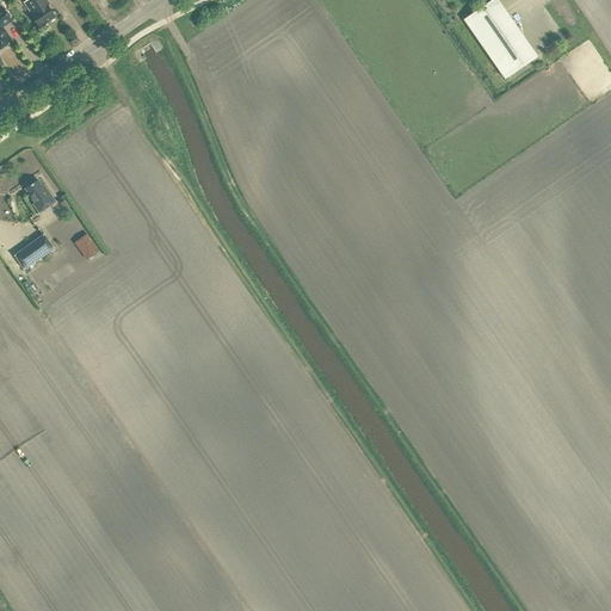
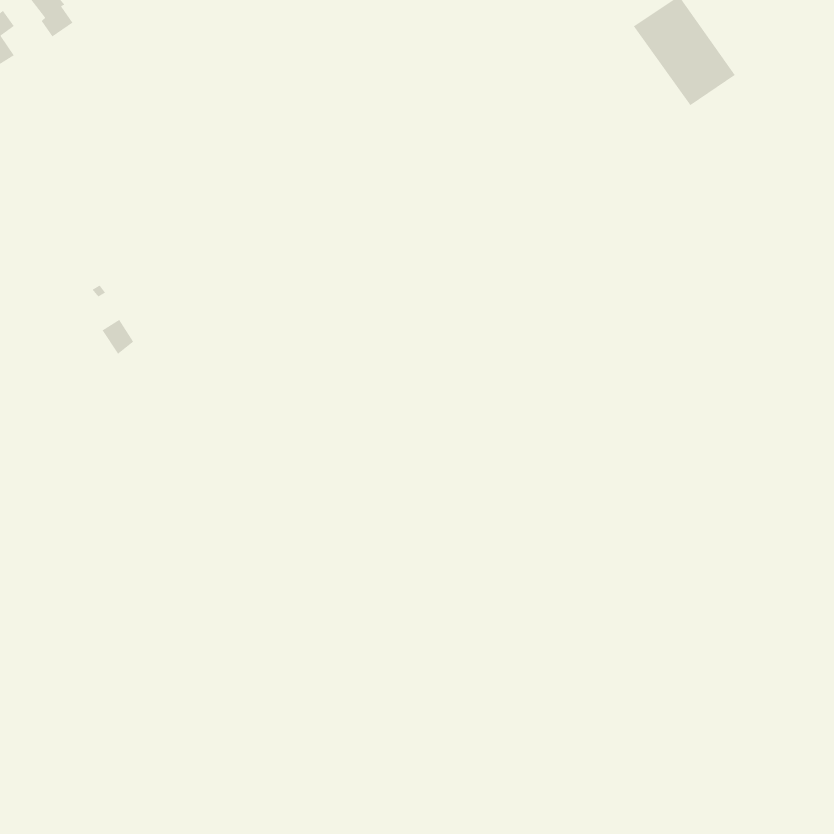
building: [24,179,54,212] -> none
building: [13,234,53,269] -> none

